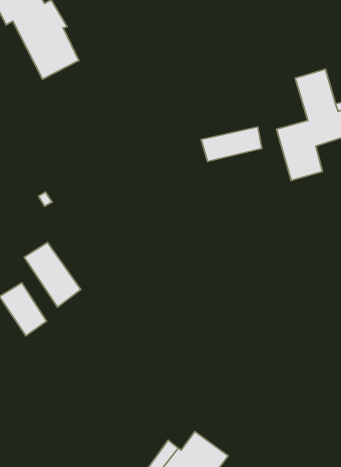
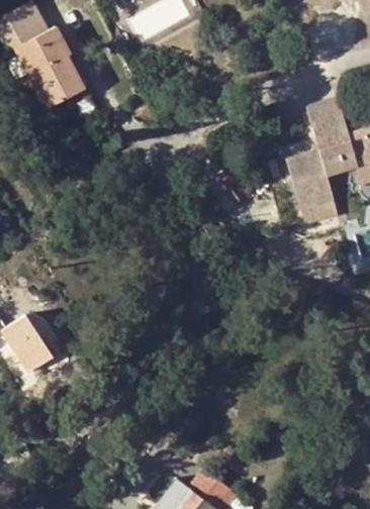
building: [201,127,262,162] -> none
building: [24,242,81,307] -> none

